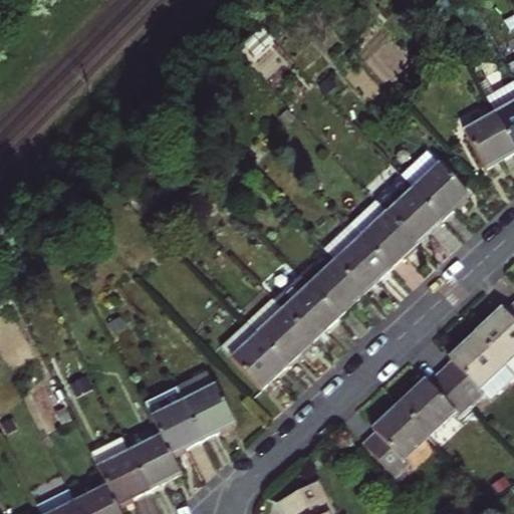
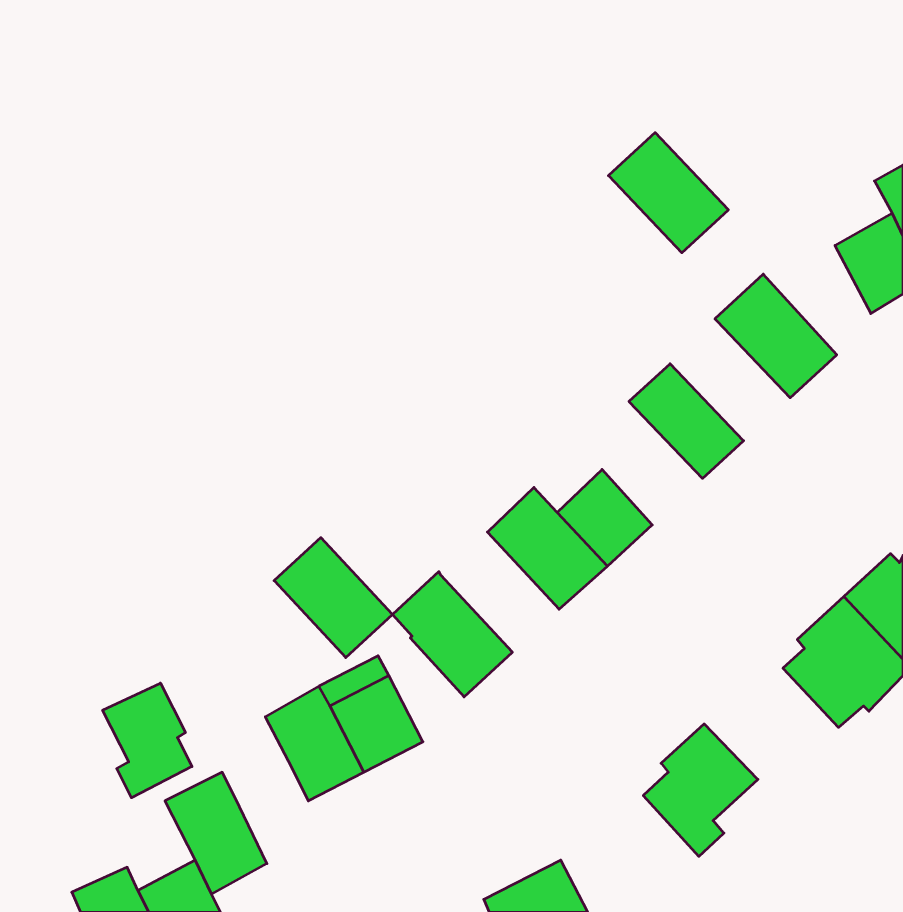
building: [375,180,443,247] -> [608,133,728,253]
building: [325,225,394,294] -> none
building: [247,298,313,365] -> [274,538,392,658]
building: [395,374,470,437] -> none
building: none -> [103,683,192,798]
building: [132,431,182,484] -> none

